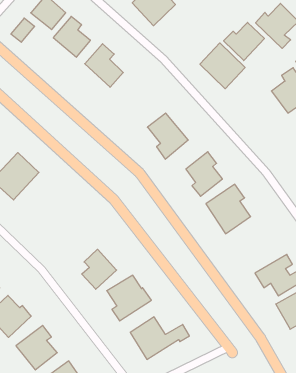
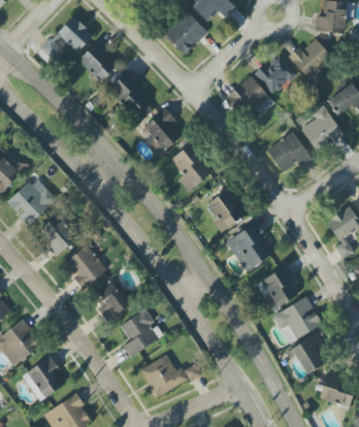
building: none -> [143,107,182,156]
building: none -> [266,131,312,173]
building: none -> [41,216,76,257]
building: none -> [64,244,106,288]
building: none -> [261,265,298,310]

